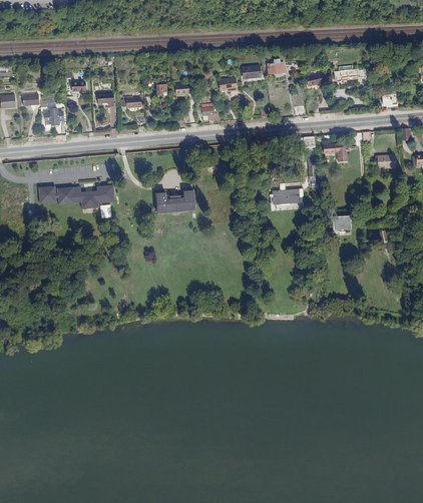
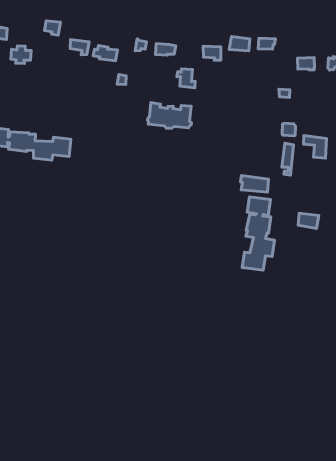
building: [156,190,196,214] -> [148,102,191,128]
building: none -> [242,197,275,270]

